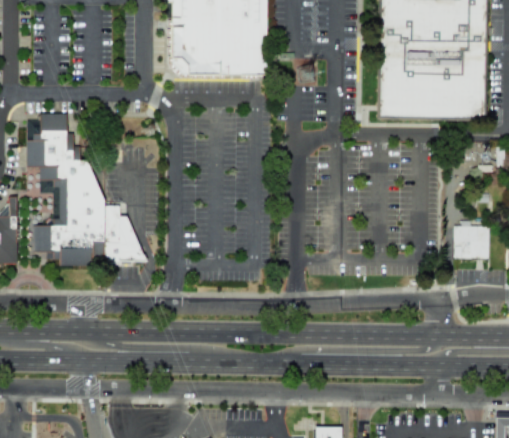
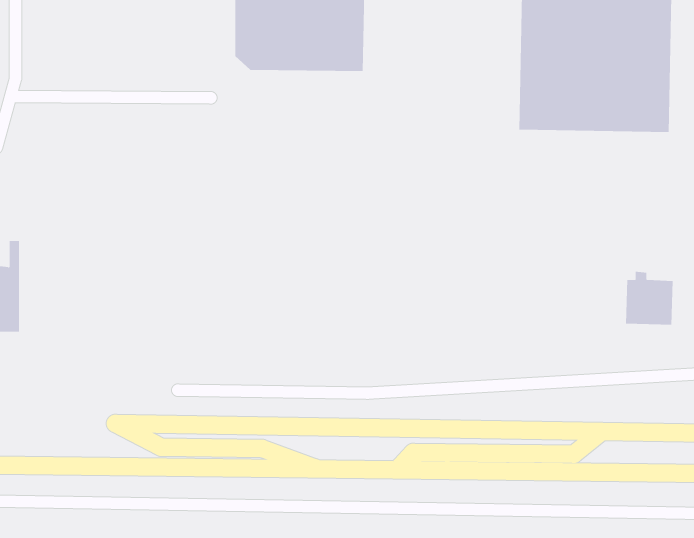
building: [27,114,146,267] -> none

